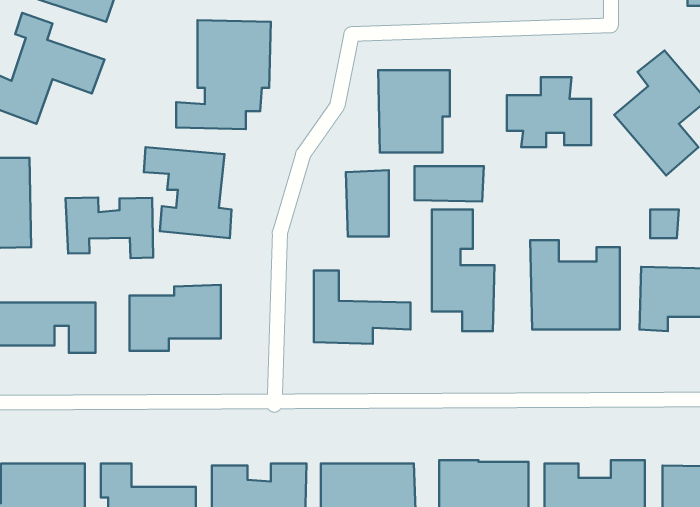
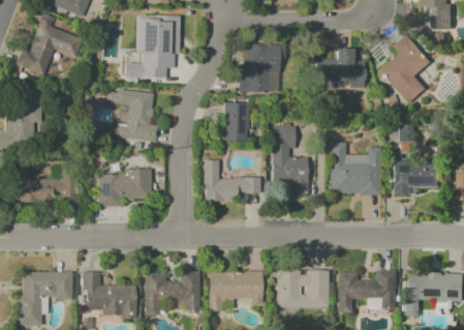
building: [415,166,484,202] -> none
building: [65,197,153,258] -> none

